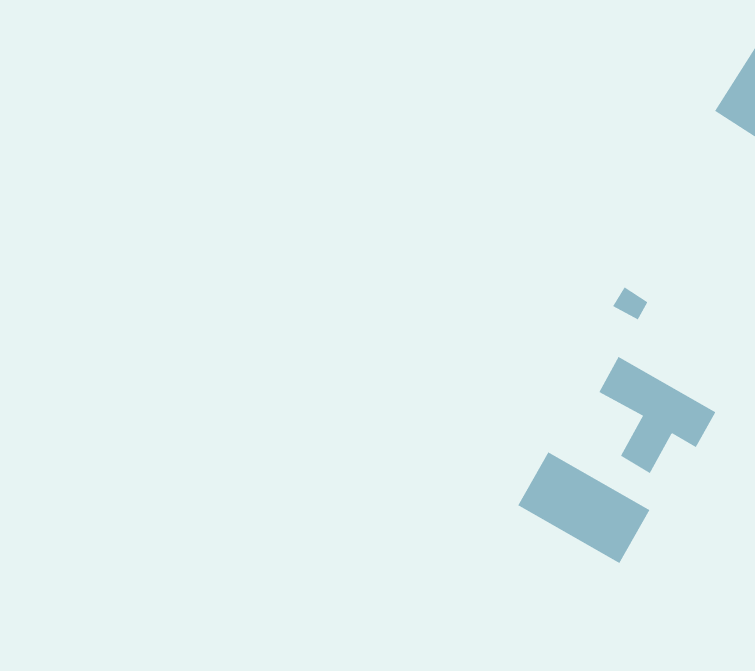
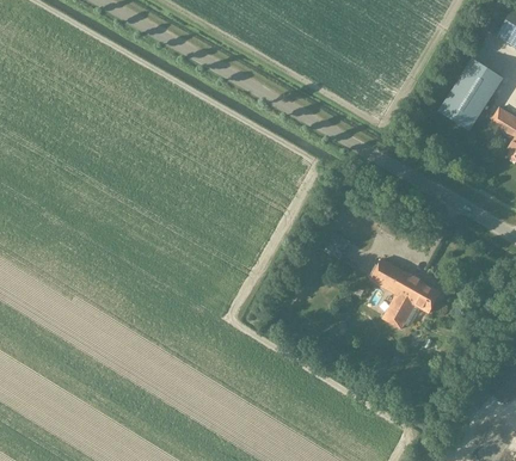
building: [517,452,650,564] -> none

